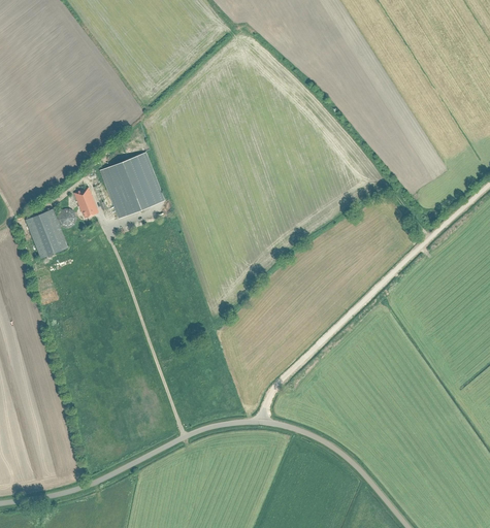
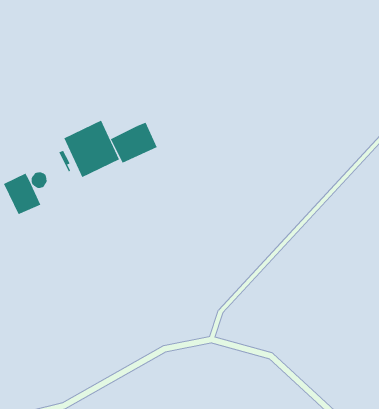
building: none -> [110,122,157,164]
building: [73,187,98,218] -> none

